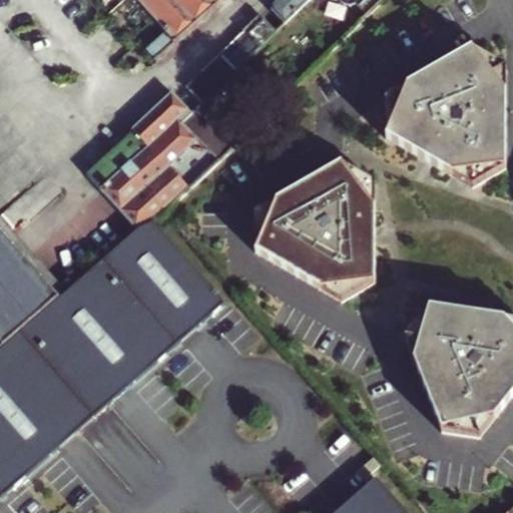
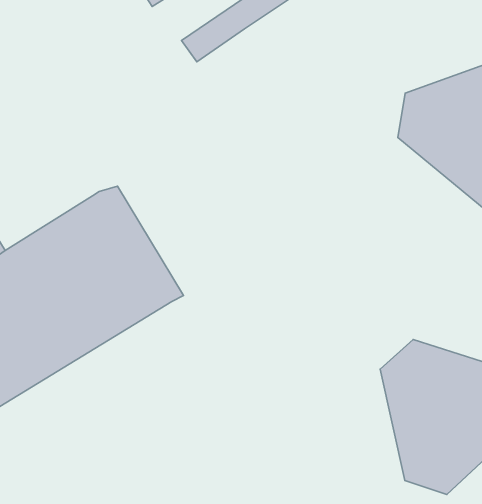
building: [85,86,218,223] -> none
building: [253,157,374,296] -> none

